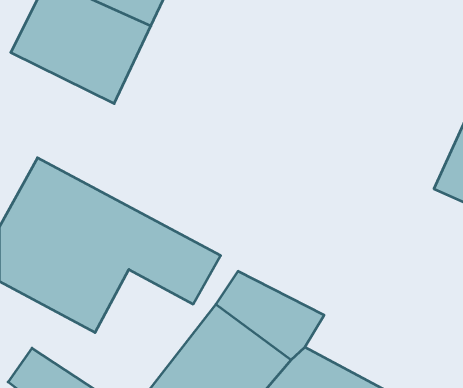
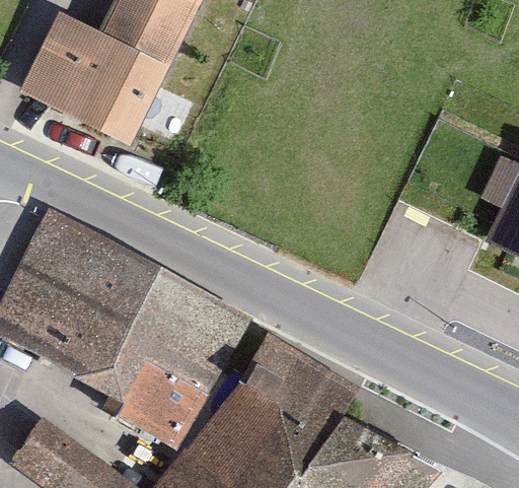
building: none -> [109,335,218,442]

